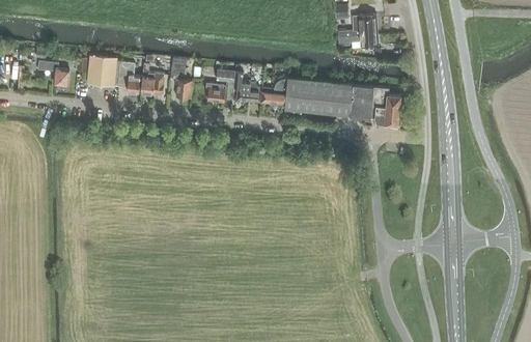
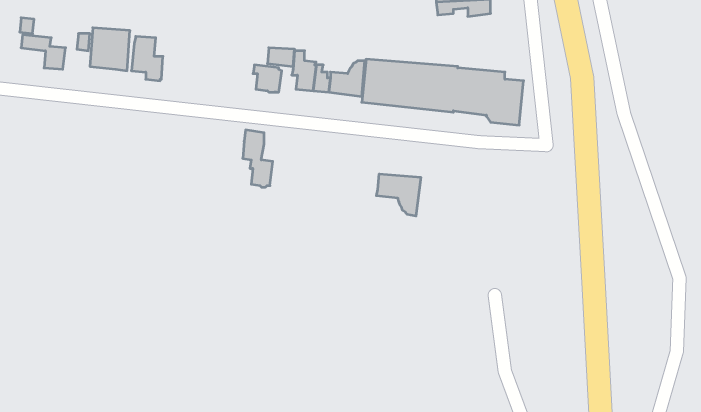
building: [170,58,192,99] -> [243,130,273,187]
building: [141,63,164,96] -> none
building: none -> [376,174,421,216]

